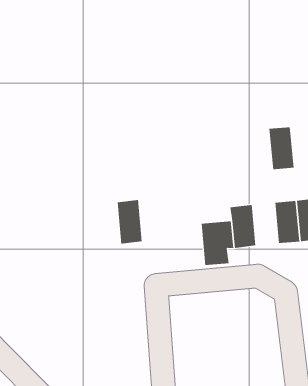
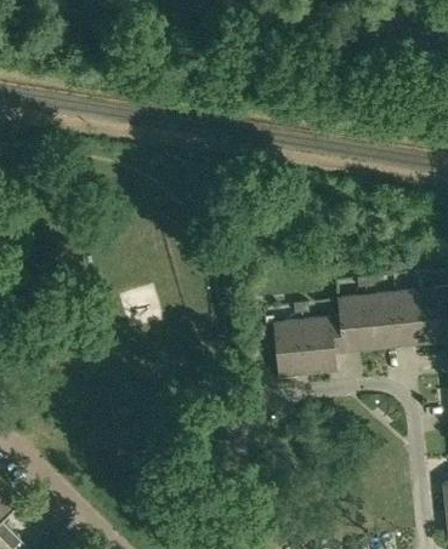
building: [269,127,294,170] -> [367,293,399,348]
building: [117,199,142,244] -> [273,320,306,377]

